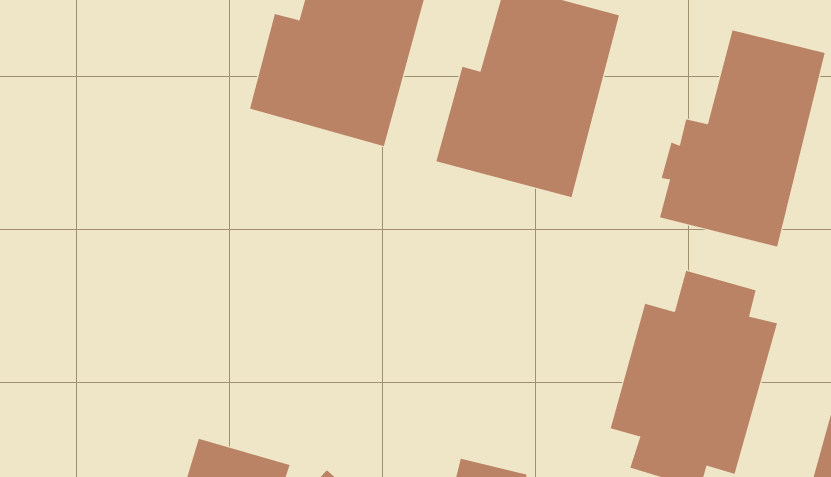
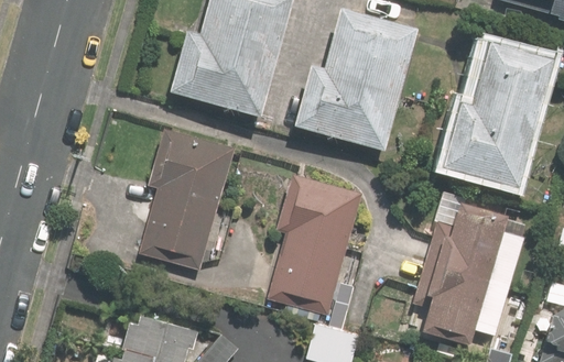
building: none -> [140,128,235,266]
building: none -> [258,172,359,317]

